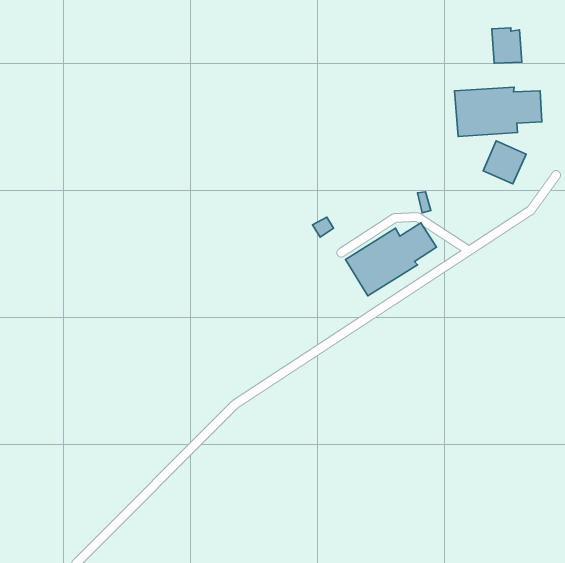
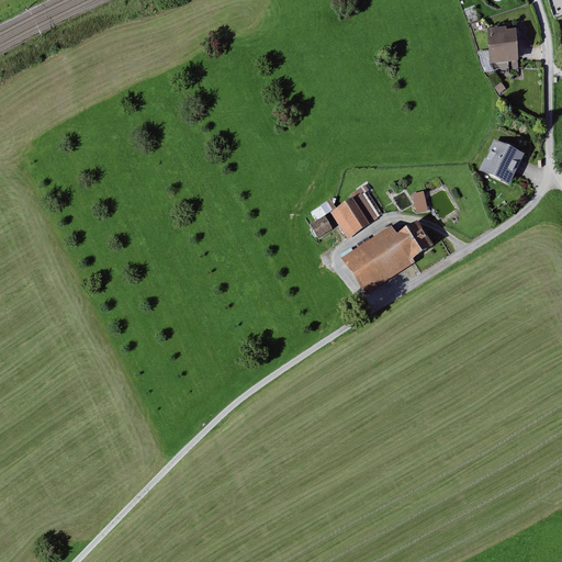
building: [455,87,542,137] -> none
building: none -> [329,191,379,236]

